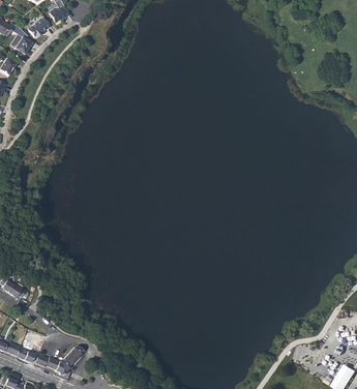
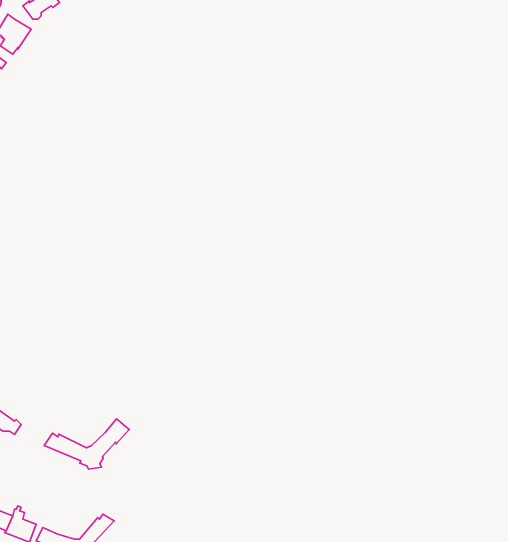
building: none -> [44,419,129,469]

